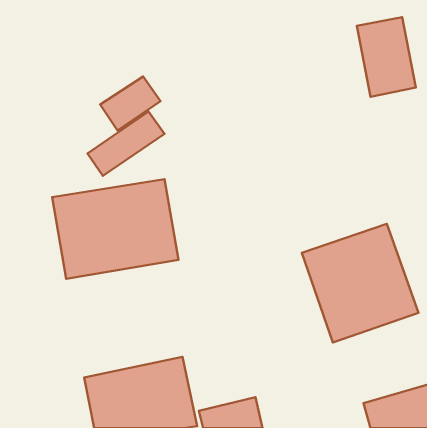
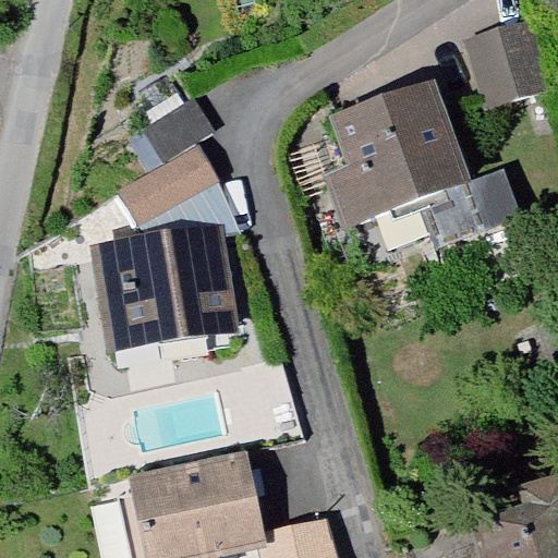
building: none -> [316,80,534,257]
building: [302,224,418,342] -> none

